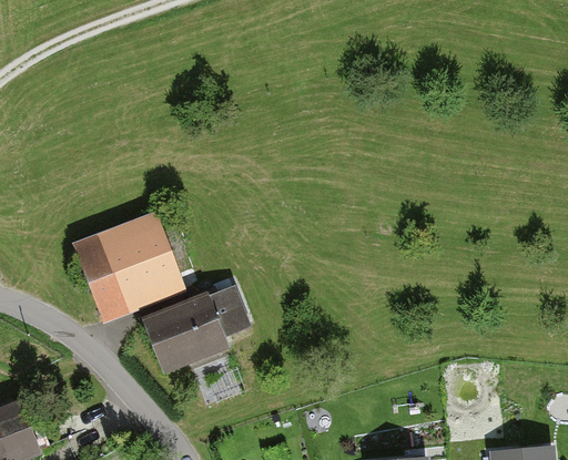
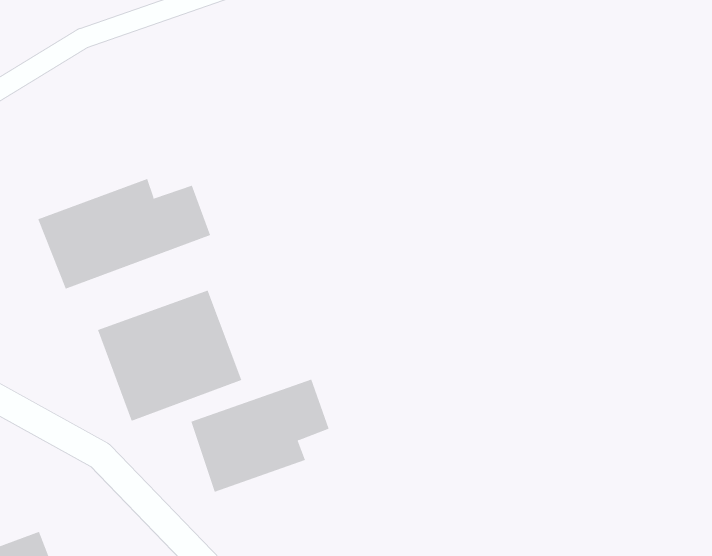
building: none -> [37,178,211,290]

